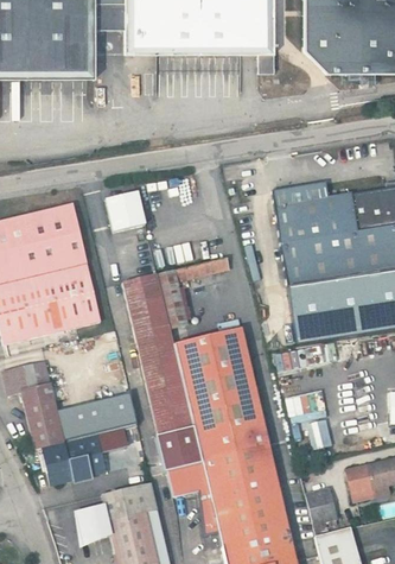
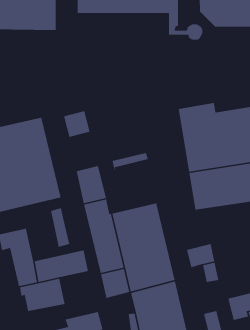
building: [158,267,187,327] -> [50,207,70,248]
building: [166,461,209,499] -> none

